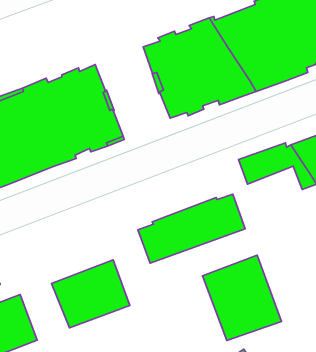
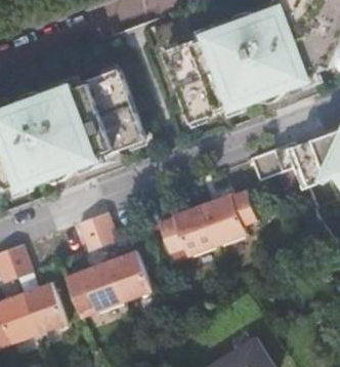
building: none -> [76,214,115,253]
building: [202,255,281,340] -> none

